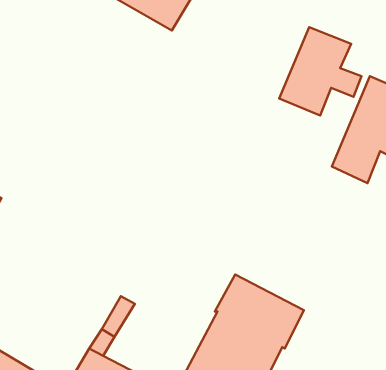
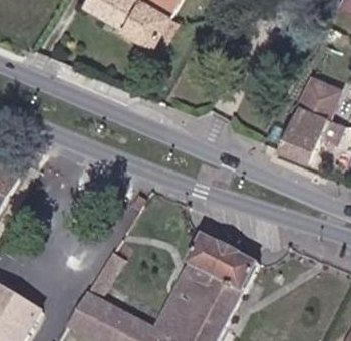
building: [279,27,361,116] -> none

